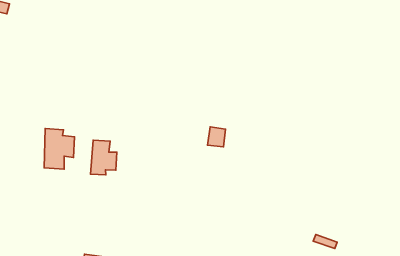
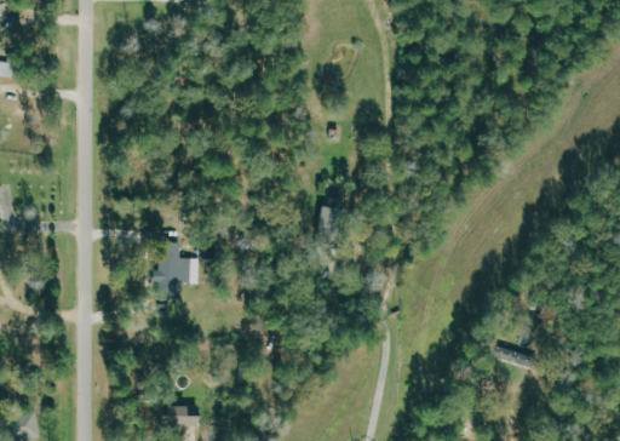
building: [44,129,75,169] -> none

